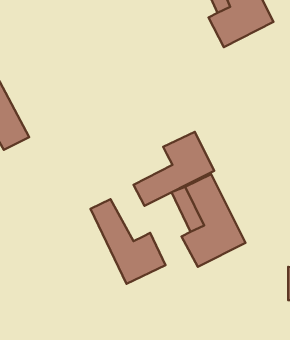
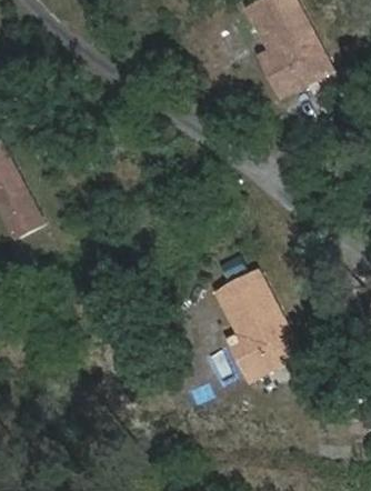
building: [134,132,214,206] -> none
building: [91,199,166,284] -> none

